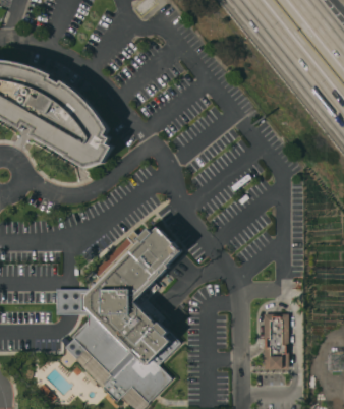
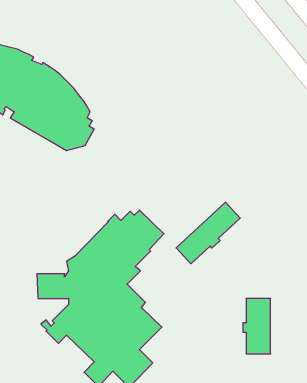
building: none -> [176,202,240,264]

